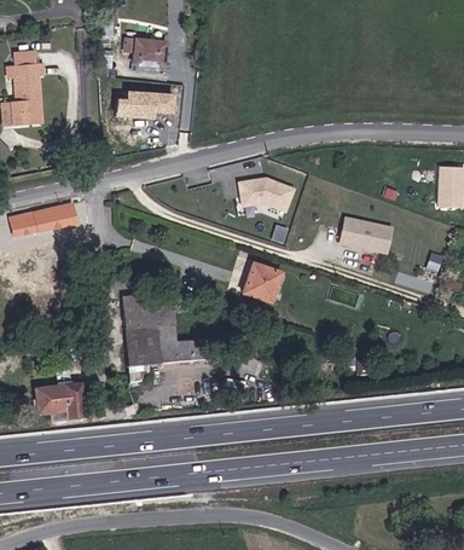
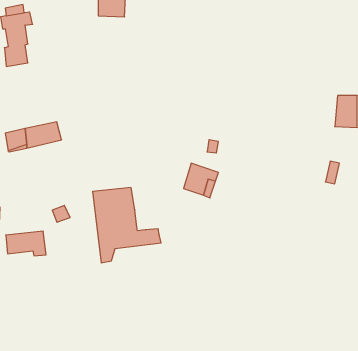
building: [111,92,175,121] -> none
building: [234,178,294,214] -> none
building: [335,218,390,255] -> none
building: [35,378,87,410] -> [6,231,46,256]

